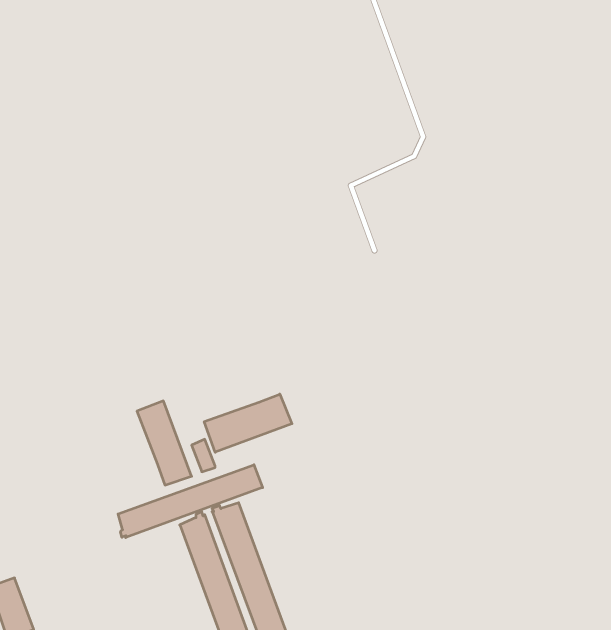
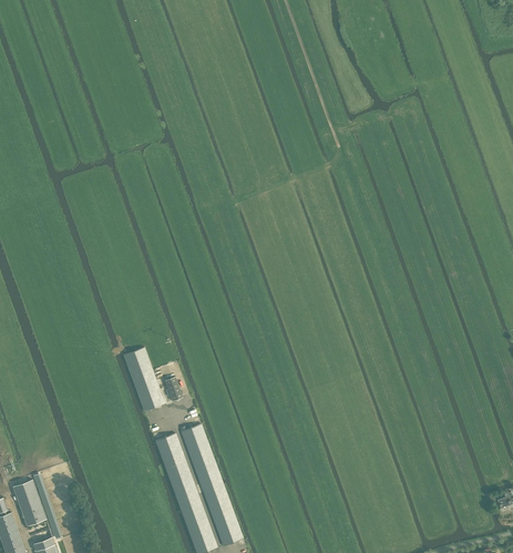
building: [204,394,292,452] -> none
building: [118,465,263,538] -> none

